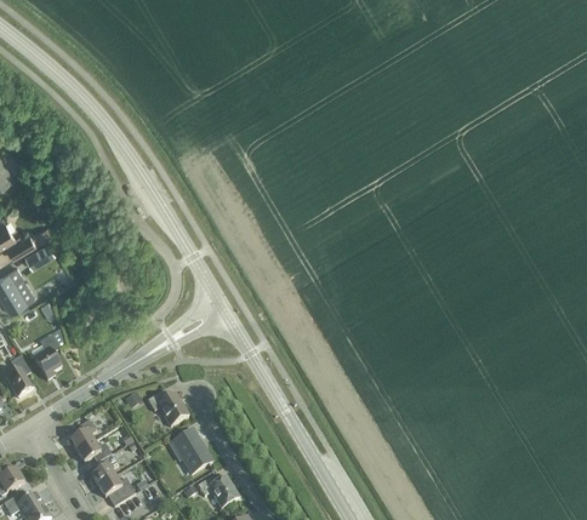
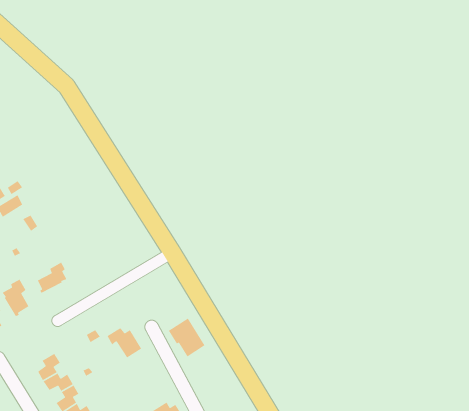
building: none -> [37,262,67,294]
building: [167,429,210,474] -> [168,318,206,358]

